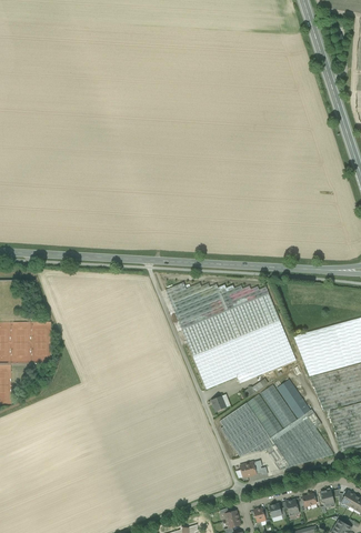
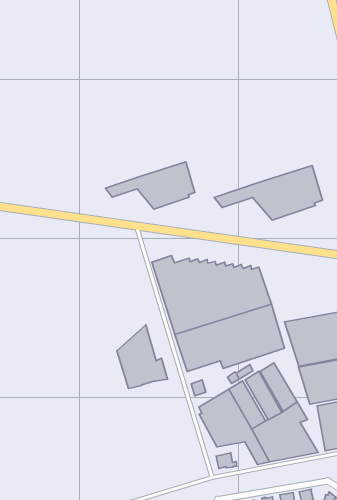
building: none -> [214,166,322,220]
building: none -> [105,162,195,209]
building: none -> [117,325,167,389]

